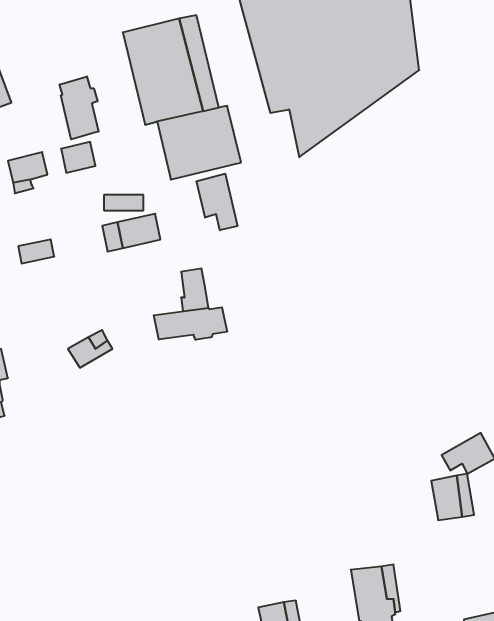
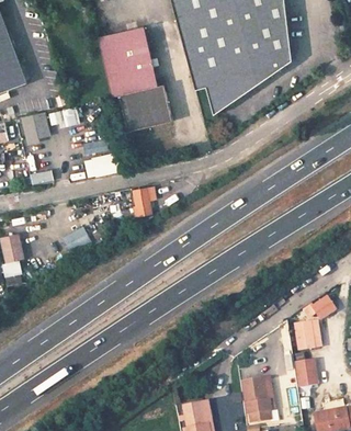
building: [60,76,99,139] -> none
building: [197,174,237,230] -> none
building: [154,307,227,340] -> none
building: none -> [295,360,317,387]

